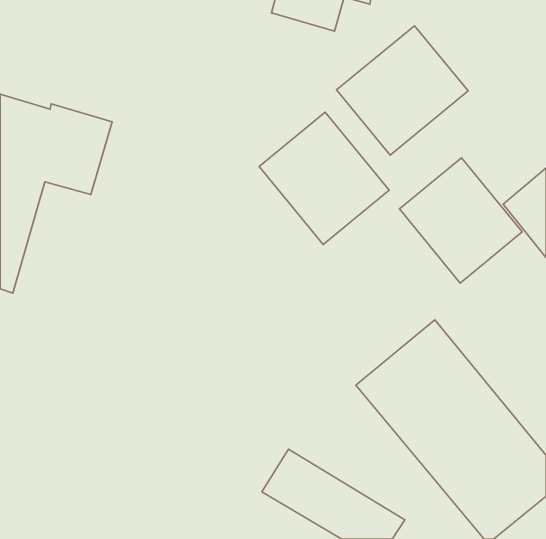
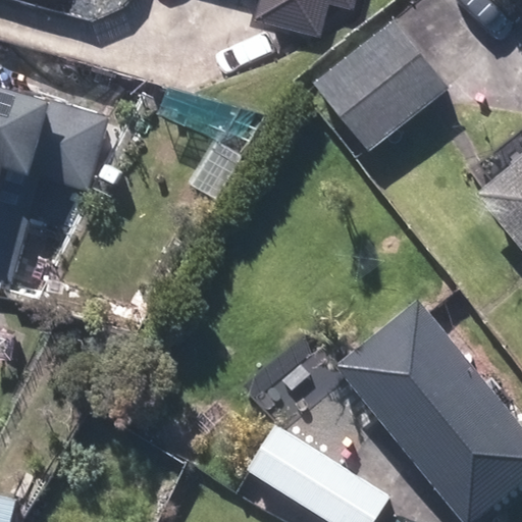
building: [259,112,389,244] -> none
building: [399,158,522,283] -> none

